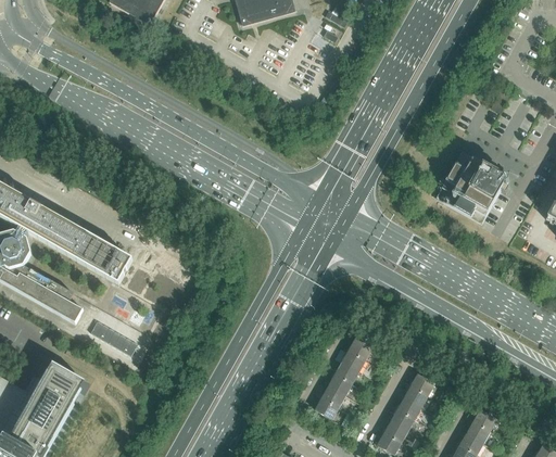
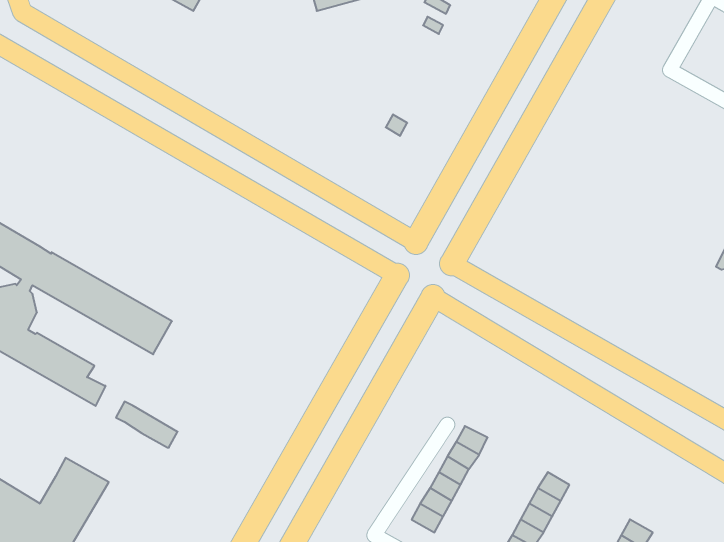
building: [437,153,508,220] -> none

